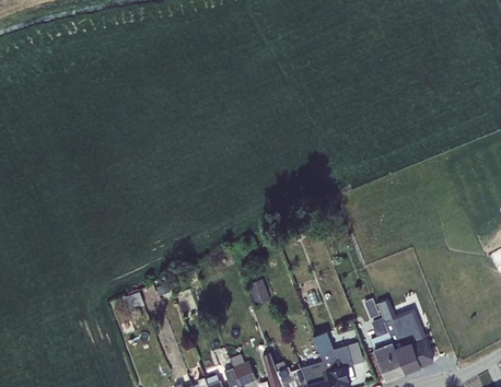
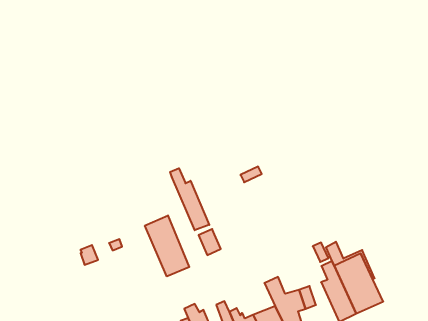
building: none -> [170,168,209,230]
building: none -> [145,215,189,276]

